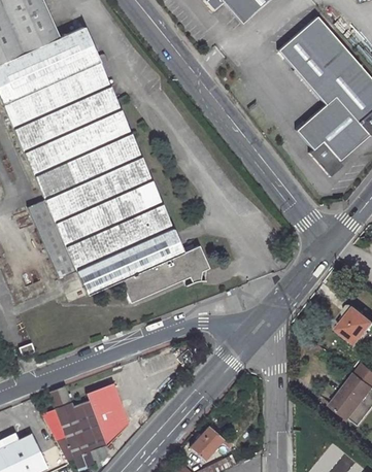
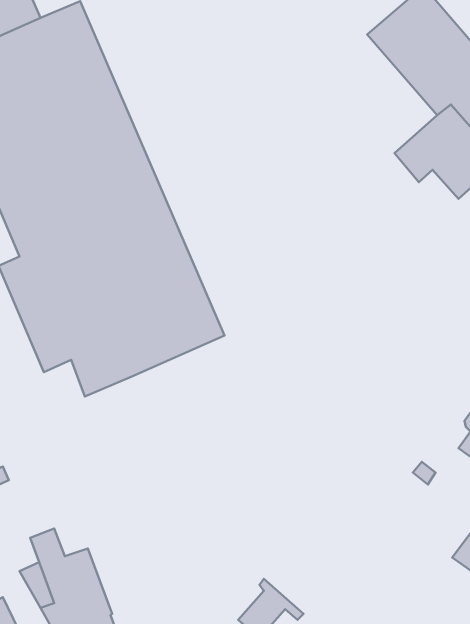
building: [311,141,344,175] -> none
building: [120,246,210,303] -> none
building: [88,381,128,442] -> none

